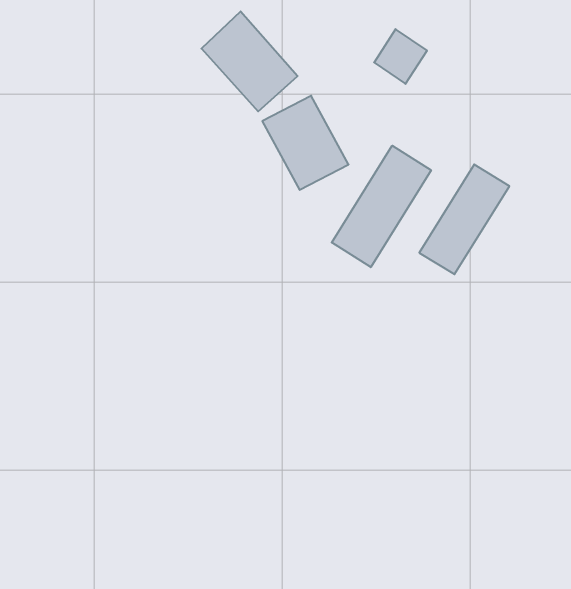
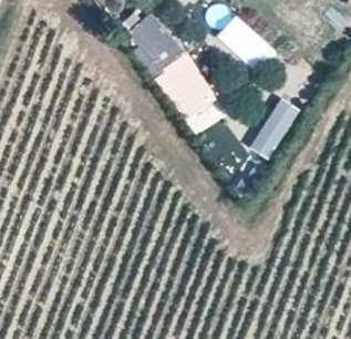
building: [332,146,431,267] -> none

